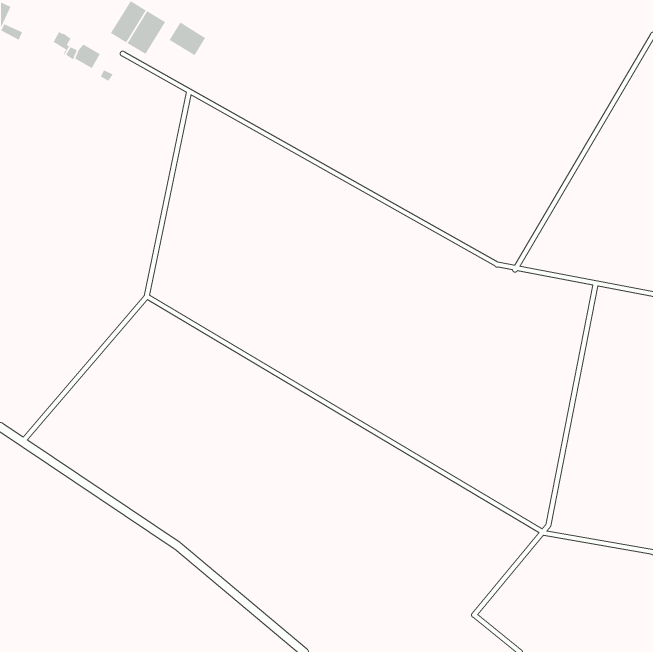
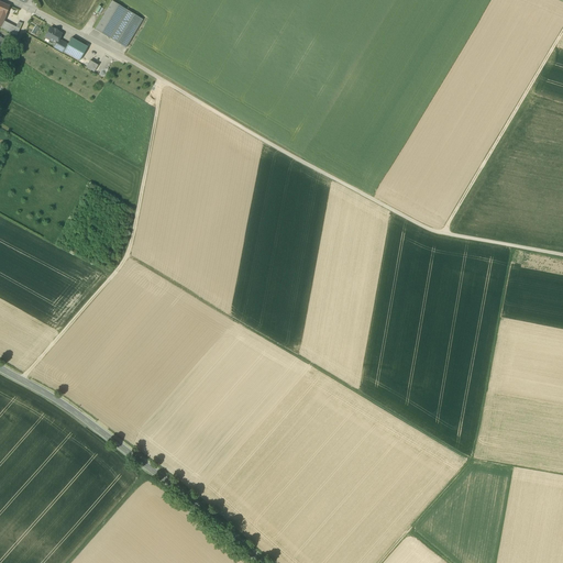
building: [169,22,206,56] -> none

